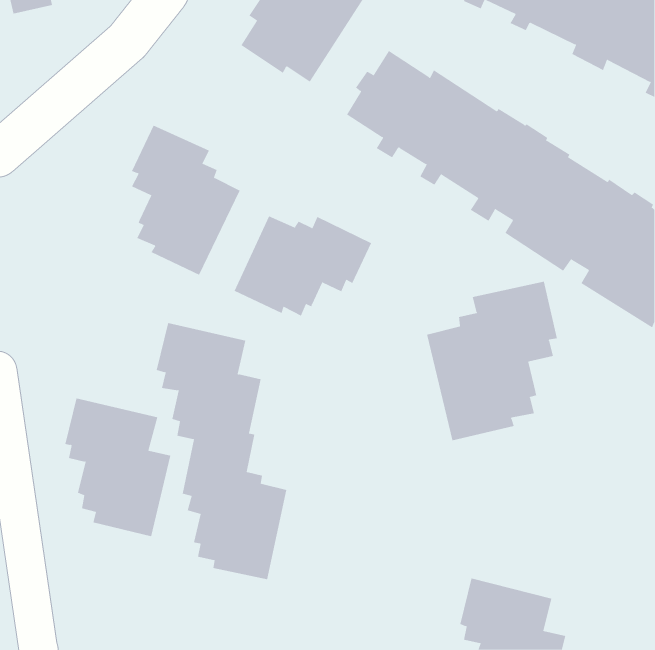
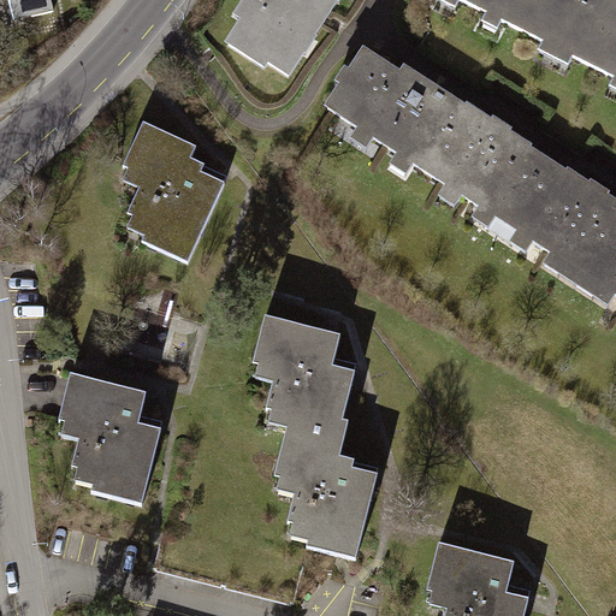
building: [234,215,372,316] -> none
building: [426,281,557,441] -> none
building: [156,322,287,580] -> [255,313,378,553]

